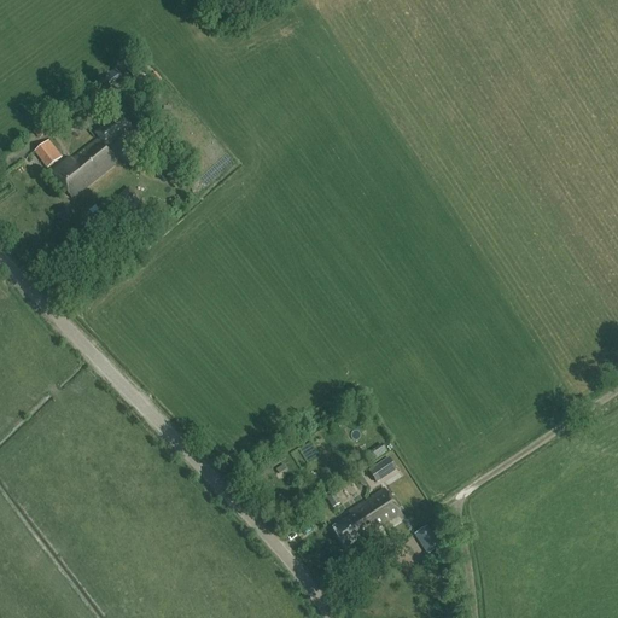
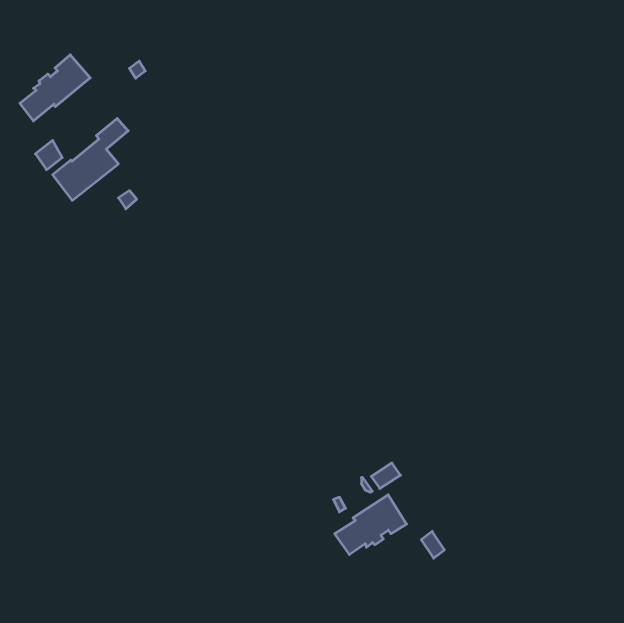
building: none -> [20,55,90,121]

